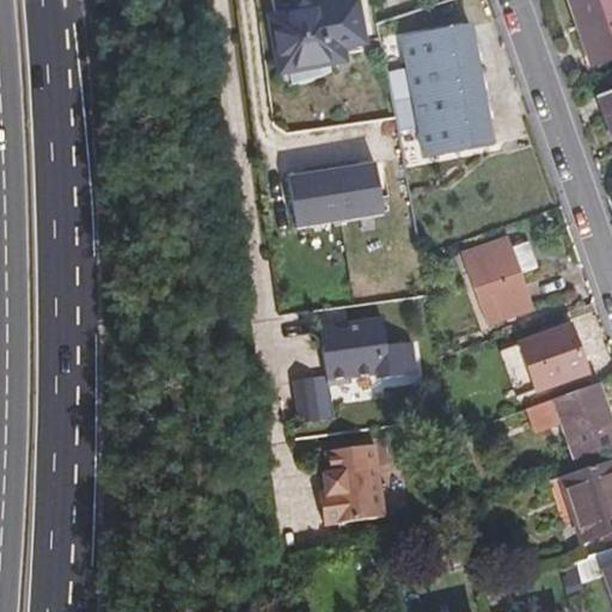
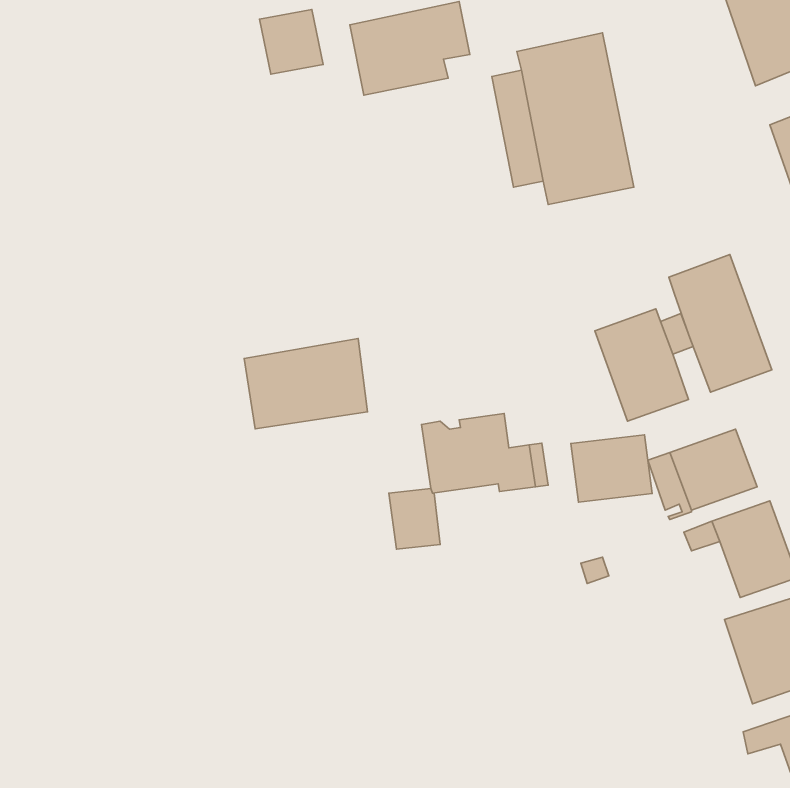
building: none -> [260,9,323,74]
building: [292,157,386,226] -> [244,338,368,429]
building: none -> [669,255,772,392]
building: none -> [571,435,652,502]
building: [337,440,402,521] -> none

